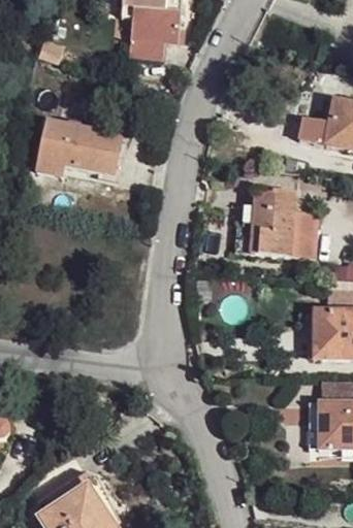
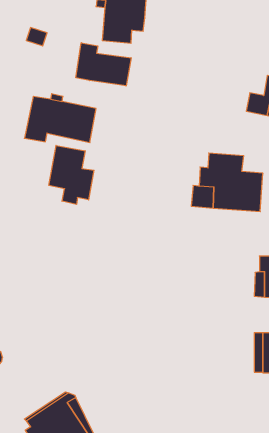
building: none -> [76,43,131,86]
building: none -> [49,145,94,204]

